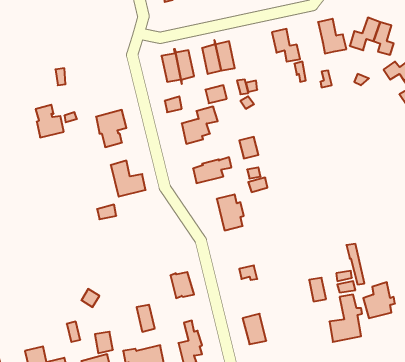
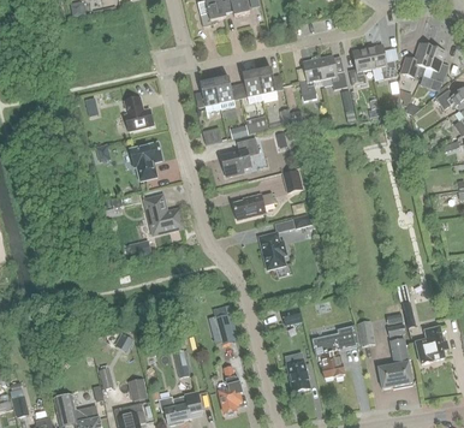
building: none -> [349,47,371,85]
building: none -> [299,58,322,101]
building: [36,105,64,137] -> [124,96,154,131]
building: none -> [314,325,358,379]

